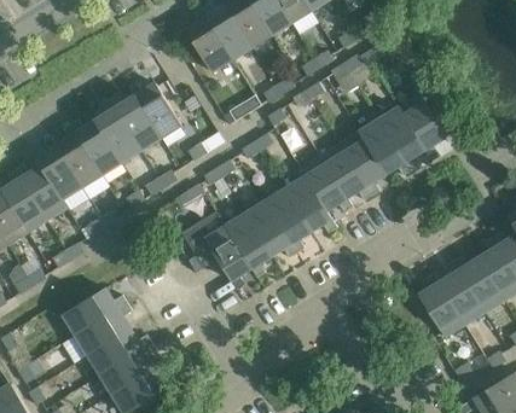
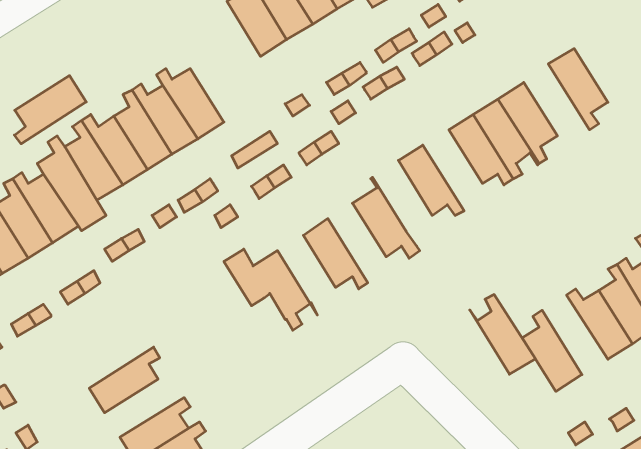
building: none -> [14,76,86,144]
building: [338,132,385,196] -> [548,49,608,130]
building: [298,156,352,213] -> none
building: [263,190,309,252] -> none
building: [224,215,269,278] -> none
building: [433,262,485,325] -> [470,295,535,374]
building: [62,289,126,336] -> none
building: [87,328,150,374] -> none

